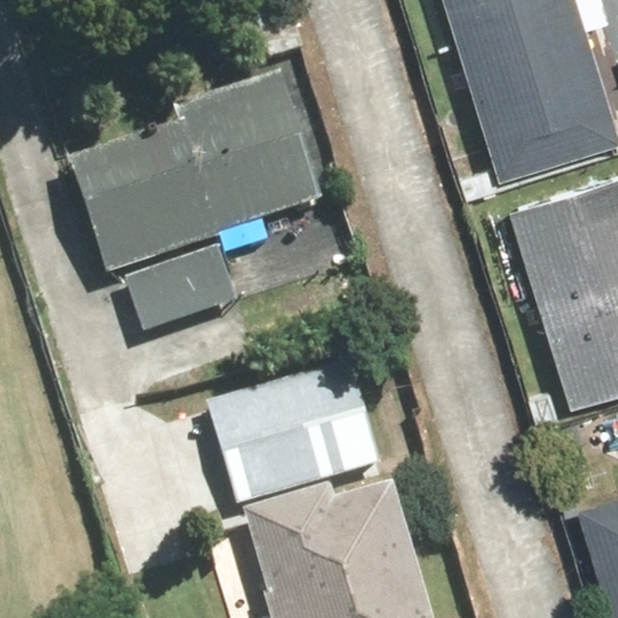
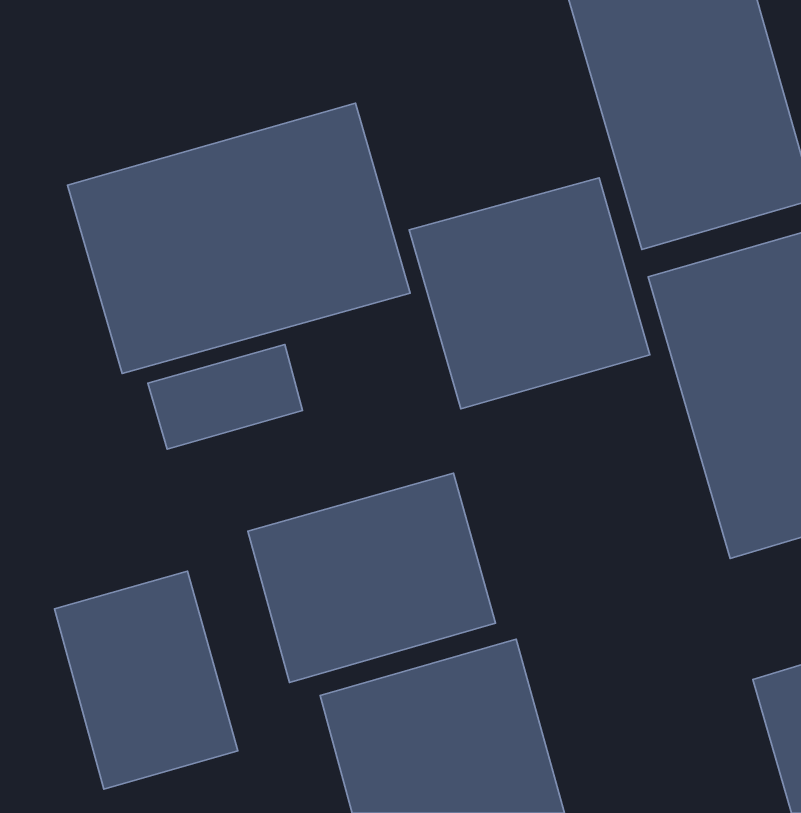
building: none -> [409,178,650,409]
building: none -> [55,571,238,789]

